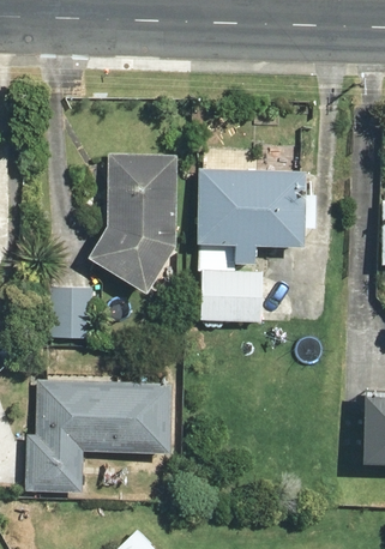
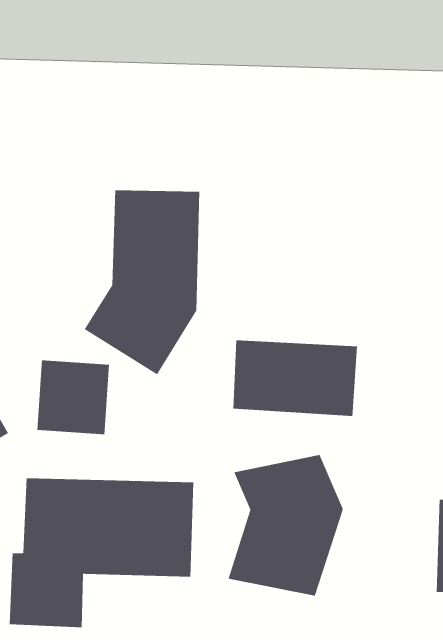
building: [194,163,306,269] -> none
building: none -> [228,454,343,596]

